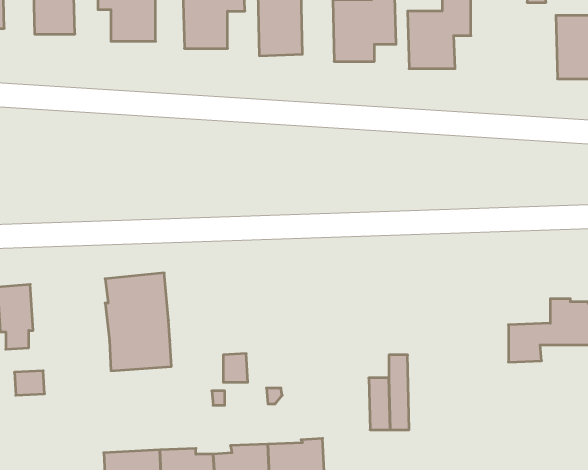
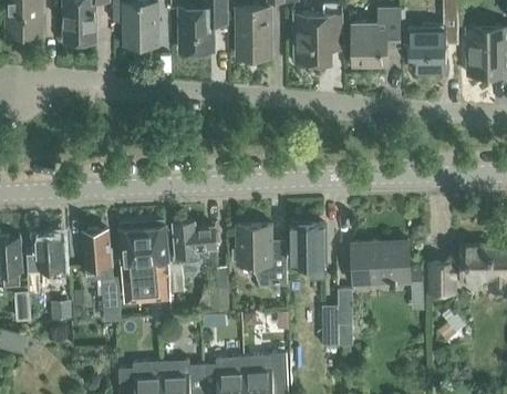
building: none -> [410,27,446,72]
building: none -> [169,221,218,290]
building: none -> [232,225,287,286]
building: none -> [297,225,324,279]
building: none -> [83,230,121,311]
building: none -> [352,241,422,284]

